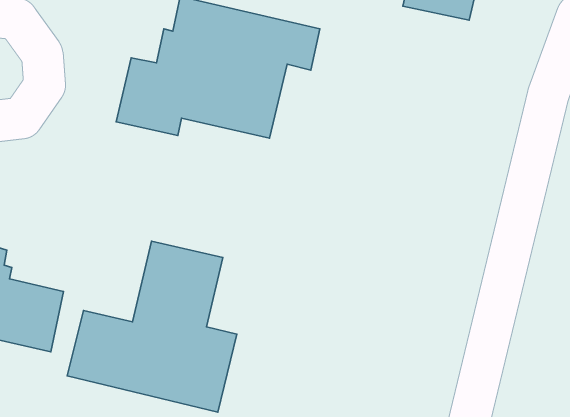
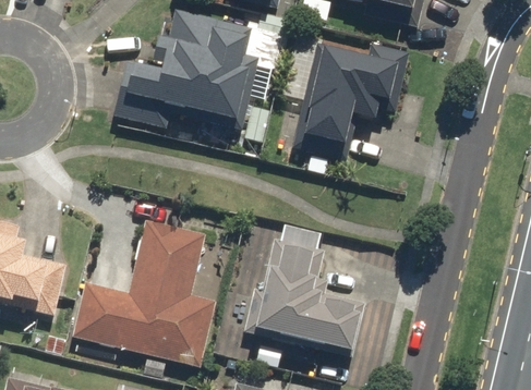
building: none -> [280,36,406,160]
building: none -> [241,221,365,357]

